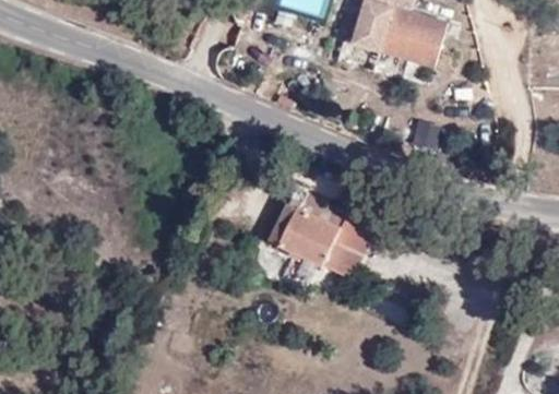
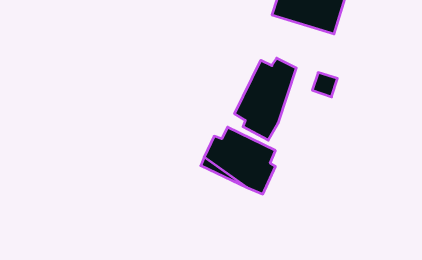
building: none -> [235,58,296,140]

